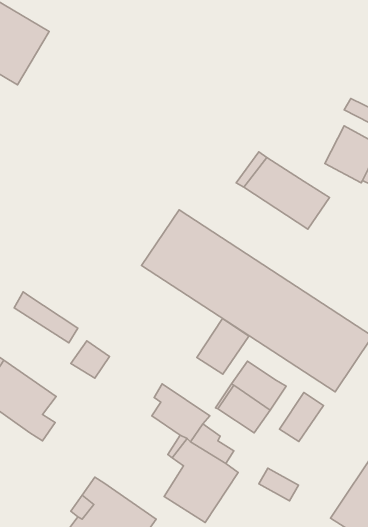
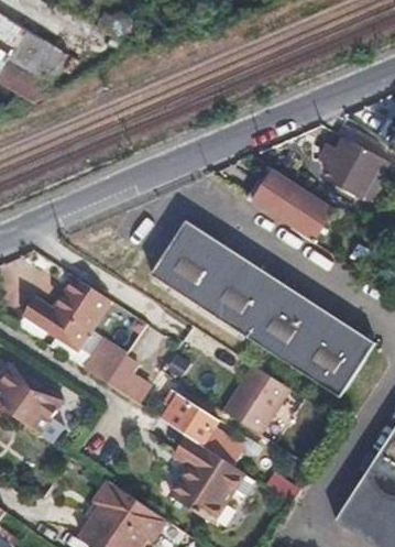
building: none -> [57,283,112,336]
building: [197,318,249,374] -> none
building: none -> [107,359,151,406]
building: [280,392,323,442] -> none

